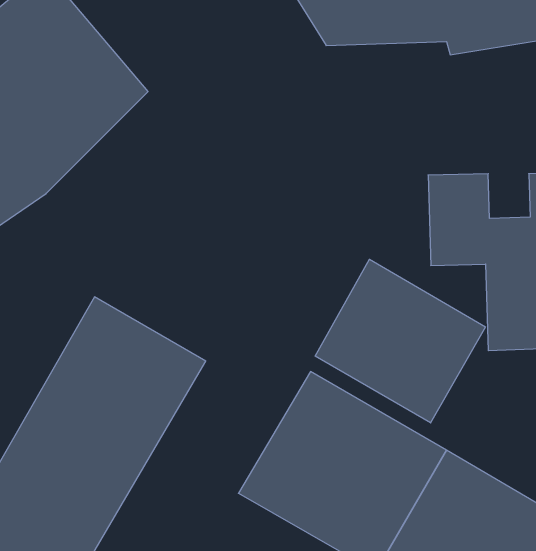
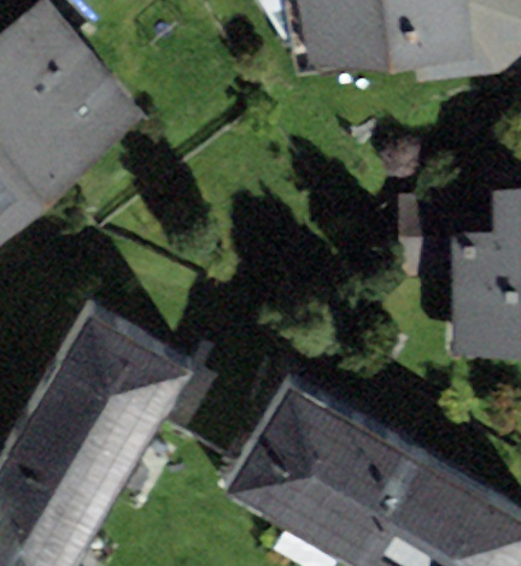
building: [315,259,485,423] -> none

